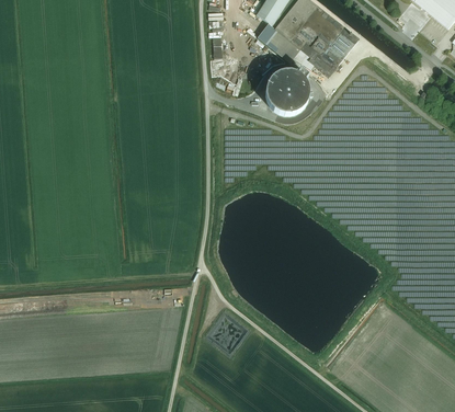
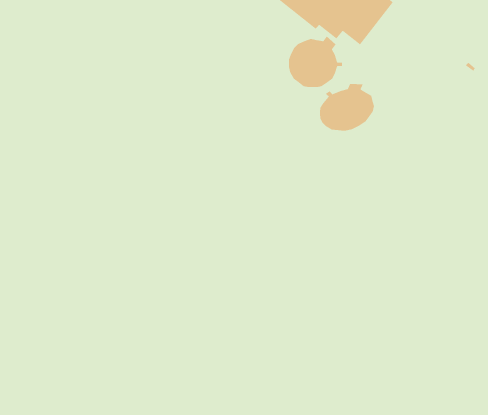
building: none -> [319,83,375,131]

